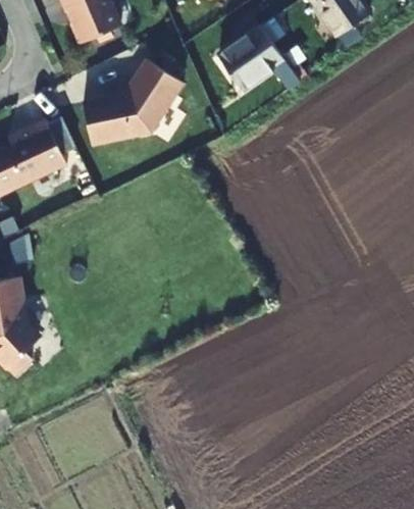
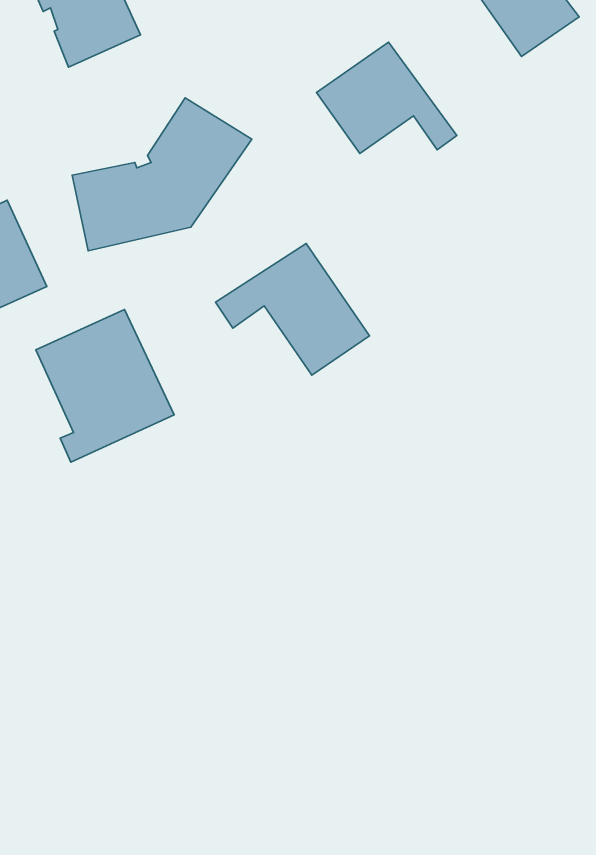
building: none -> [215,243,370,375]
building: none -> [36,309,174,462]

